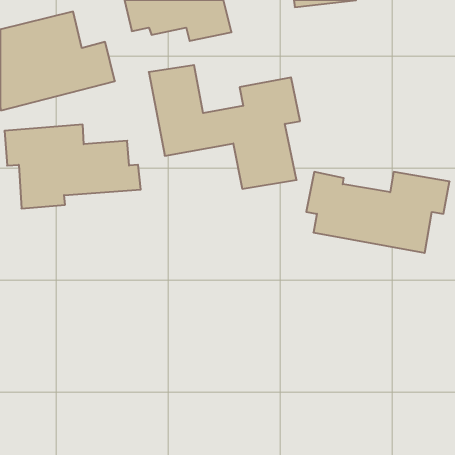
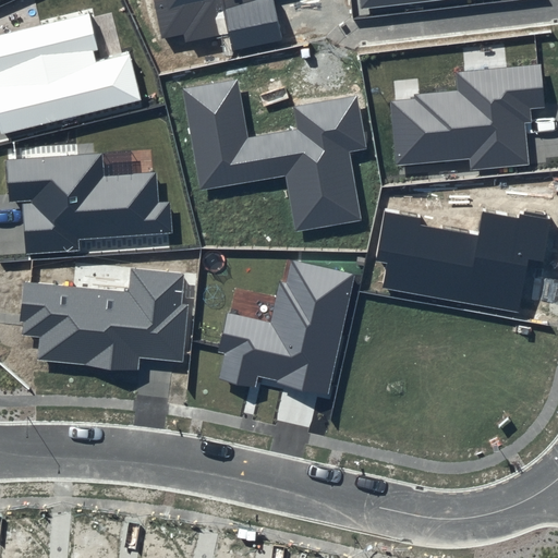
building: none -> [389,64,546,171]
building: none -> [217,259,355,392]
building: none -> [17,268,190,372]

